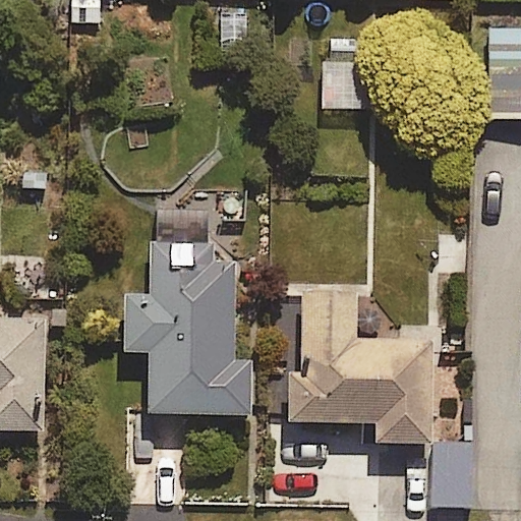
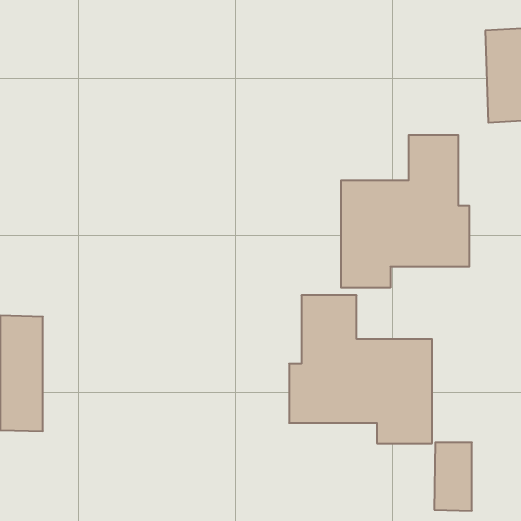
building: none -> [341,135,469,288]
building: [125,241,250,416] -> none

